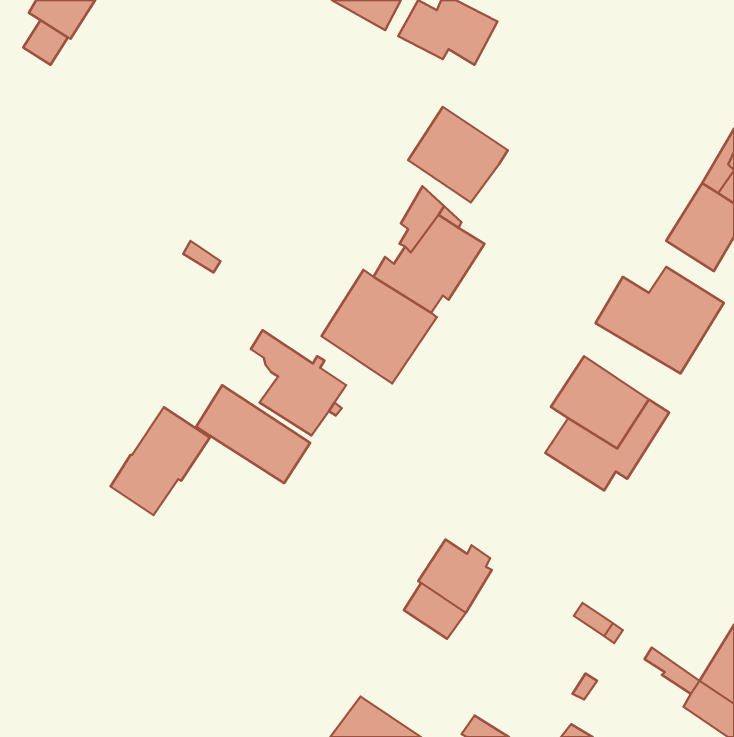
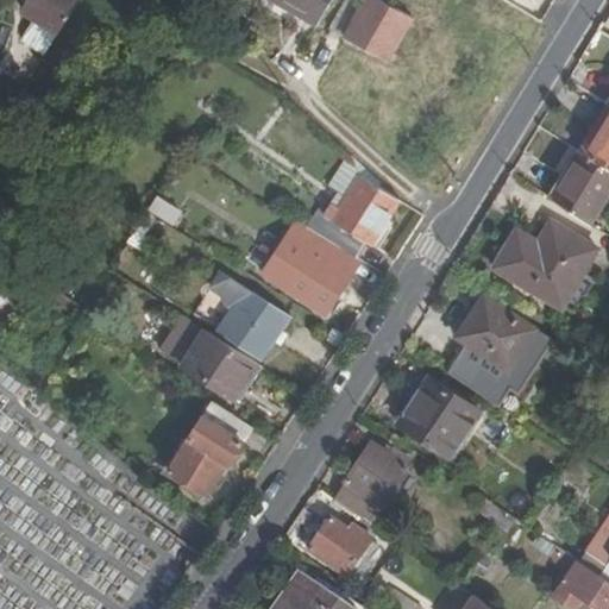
building: [408,107,508,202] -> none
building: [110,407,210,515] -> [170,404,252,494]
building: none -> [402,379,478,457]
building: none -> [308,520,371,576]

